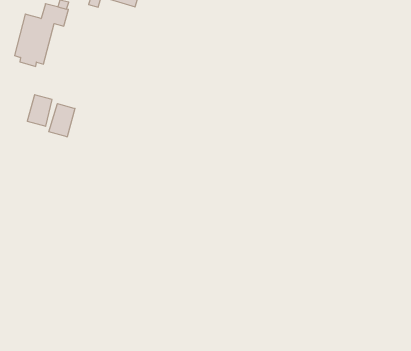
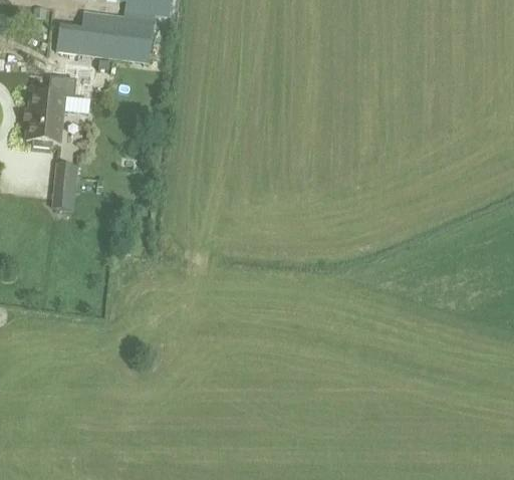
building: [49,104,75,137] -> none

